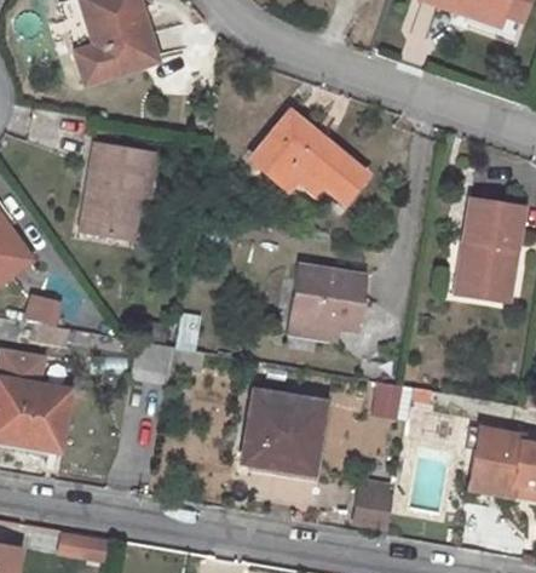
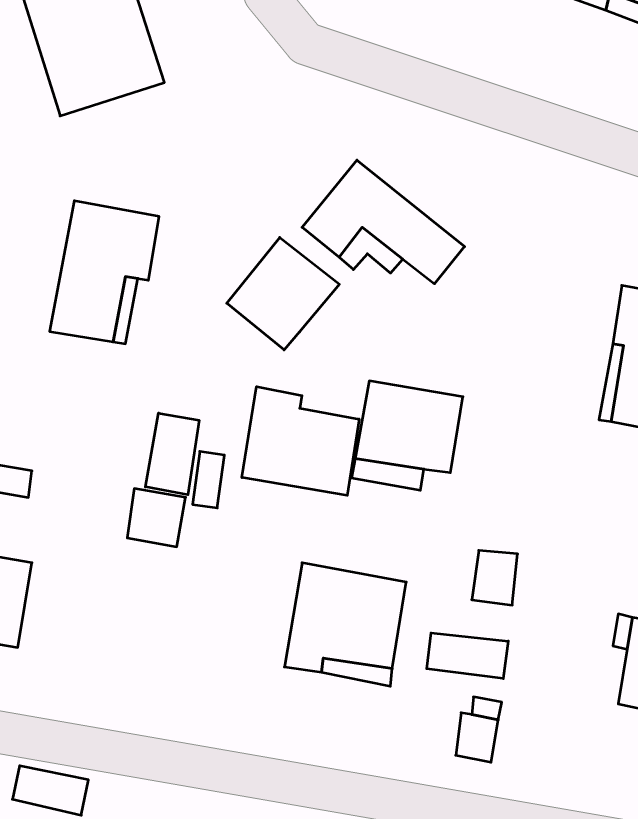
building: none -> [227,237,339,350]
building: none -> [242,387,359,495]
building: none -> [145,413,199,495]
building: none -> [427,633,508,679]

